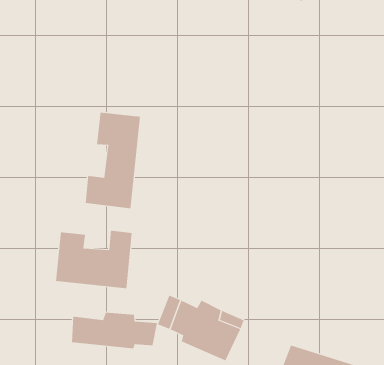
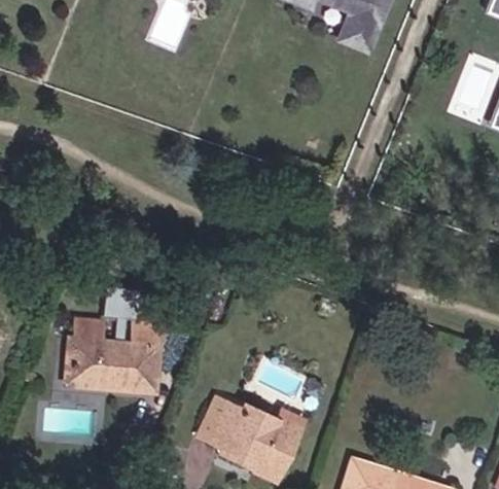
building: [85,112,140,209] -> none
building: [72,312,157,349] -> none

